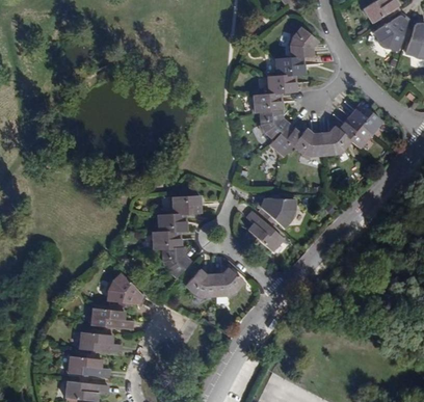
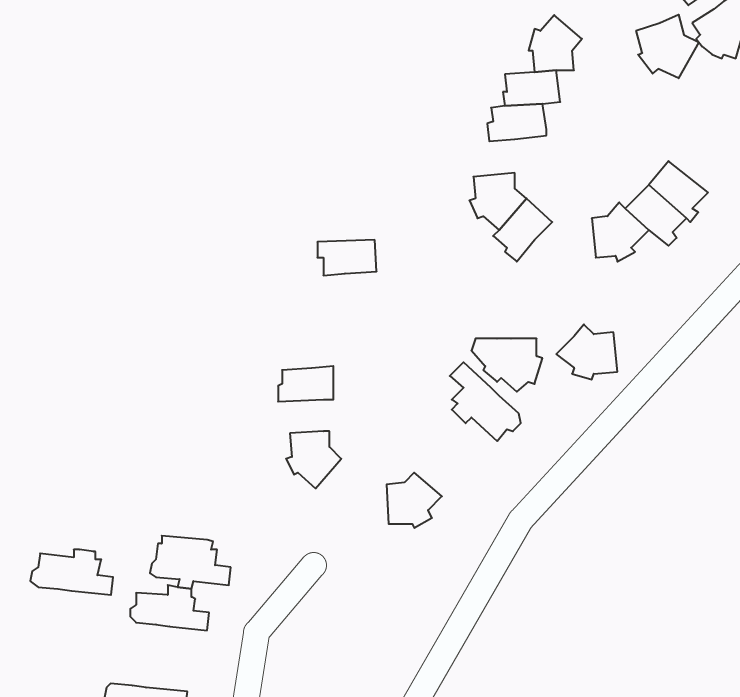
building: none -> [636,15,699,78]
building: [251,92,283,112] -> none
building: [291,130,323,159] -> [556,324,617,380]
building: [170,194,202,213] -> [317,240,377,275]
building: [151,230,180,247] -> none
building: [186,270,214,299] -> none
building: [106,272,145,304] -> none
building: [65,352,109,376] -> [30,550,113,595]

